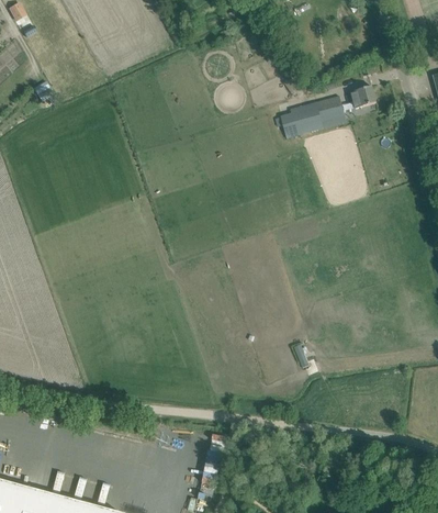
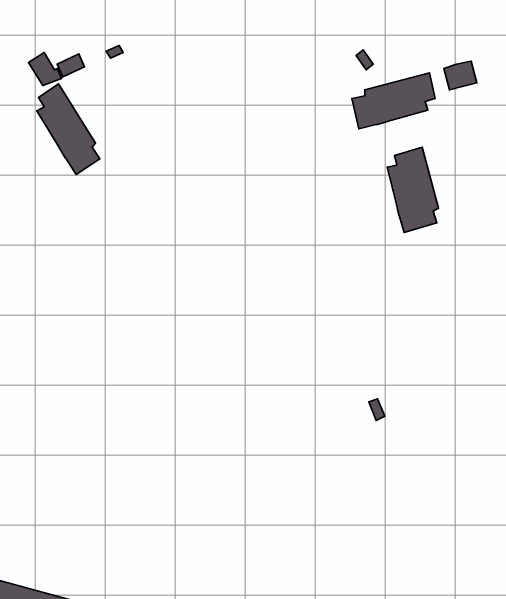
building: none -> [37,84,100,174]
building: none -> [387,147,439,232]

